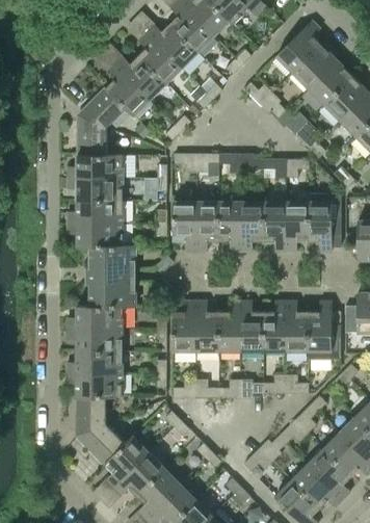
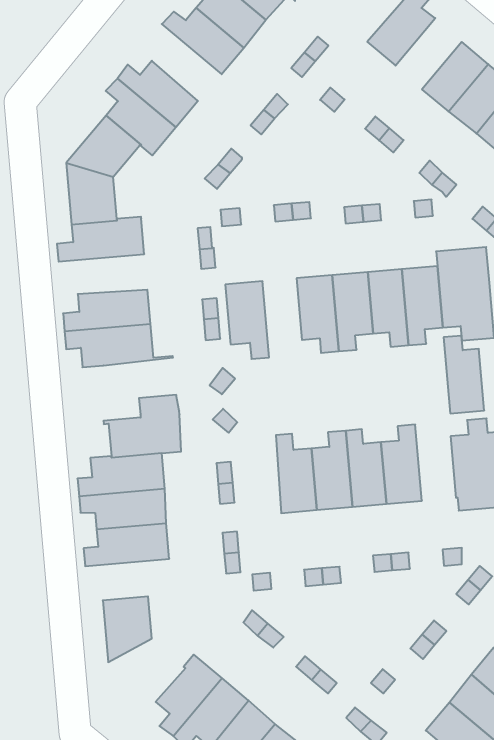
building: [137,32,181,83] -> none
building: [292,44,336,88] -> none
building: [67,178,122,201] -> none
building: [195,202,217,251] -> none
building: [86,245,134,282] -> none
building: [171,300,195,350] -> none
building: [285,302,307,350] -> [444,336,484,413]
building: [67,373,121,396] -> none
building: [76,423,125,464] -> none

